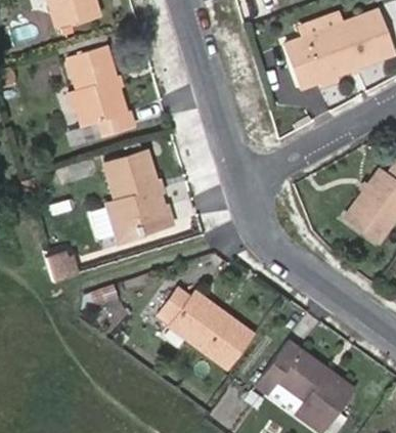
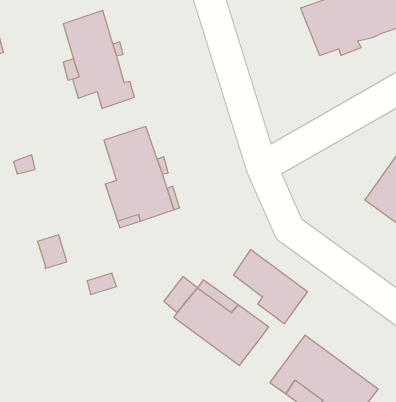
building: none -> [234,250,307,324]

